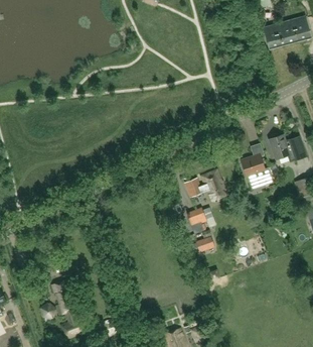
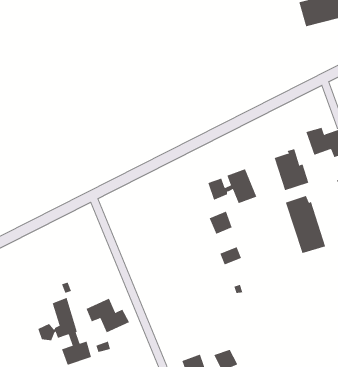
building: none -> [285,195,326,254]
building: none -> [86,298,130,333]

